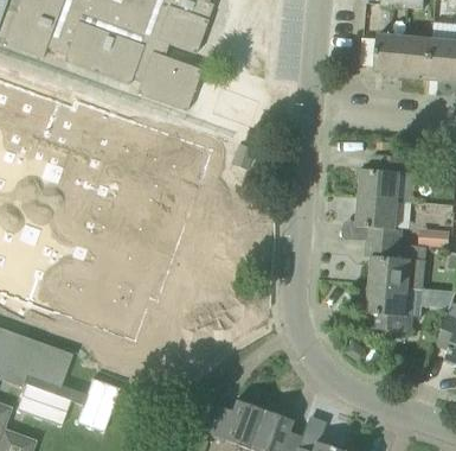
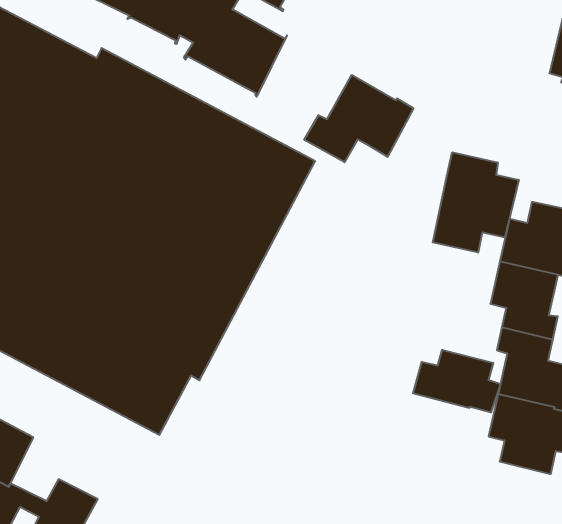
building: none -> [304,75,413,162]
building: none -> [433,152,519,253]
building: none -> [413,350,500,413]

